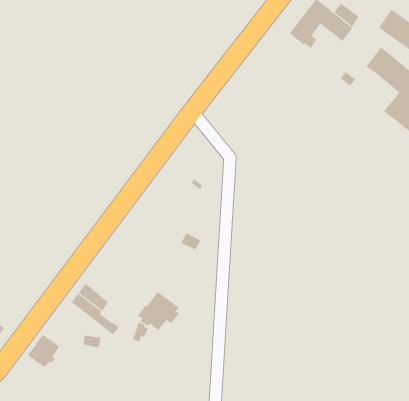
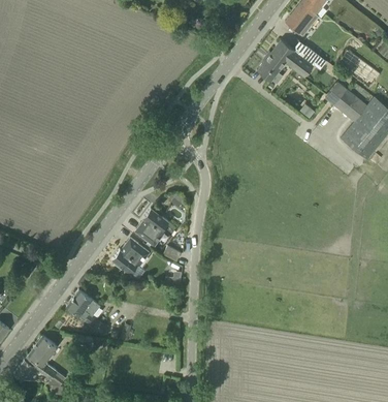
building: none -> [134,208,168,246]
building: [137,291,180,331] -> [111,238,149,273]
building: none -> [13,352,57,381]

